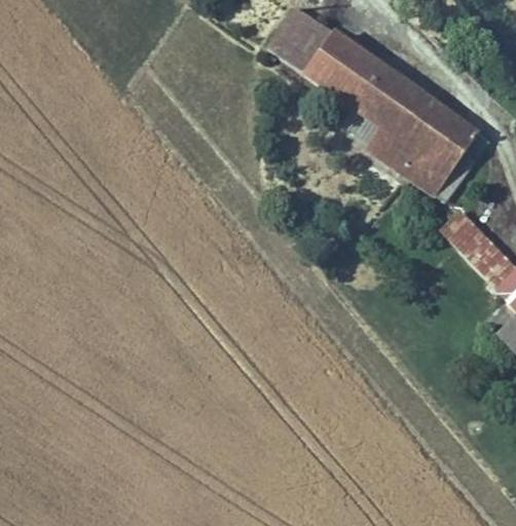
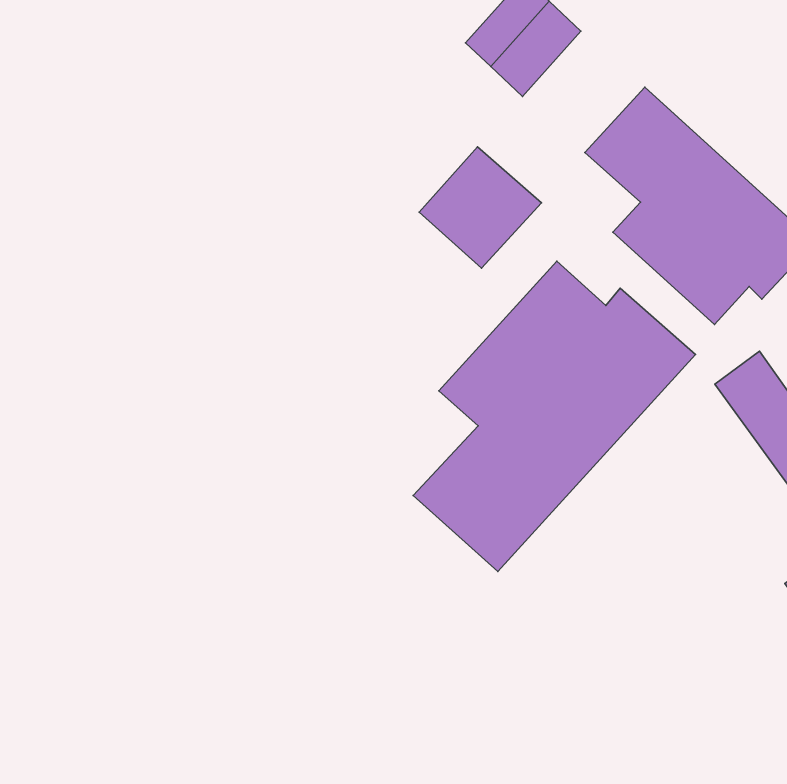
building: [306,35,375,104] -> [419,147,541,268]
building: none -> [413,261,695,571]

